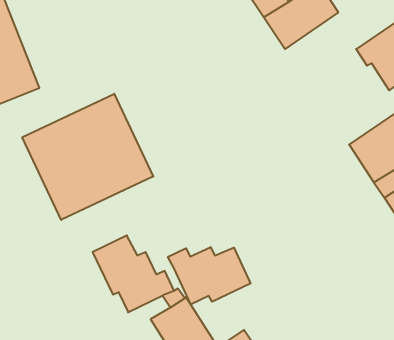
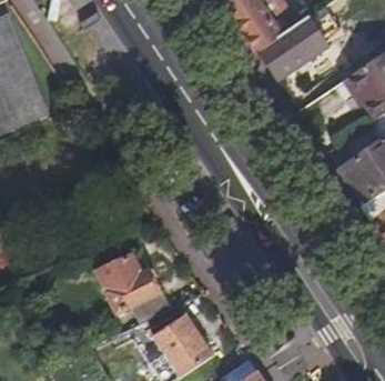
building: [22,94,153,220] -> none
building: [168,247,250,304] -> none

